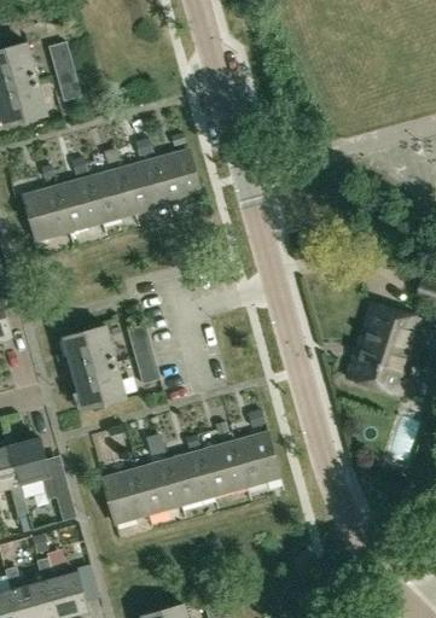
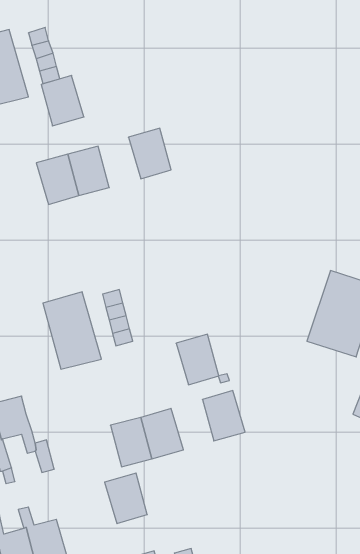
building: [123,158,169,212] -> [41,75,84,126]
building: [24,186,70,240] -> none
building: [202,441,248,495] -> [176,334,219,385]
building: [103,468,149,523] -> [105,473,147,524]

